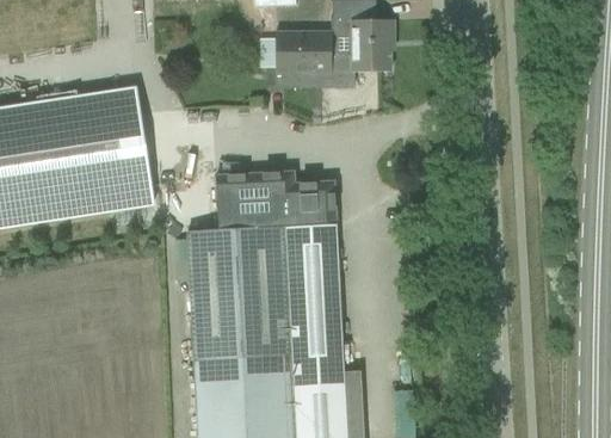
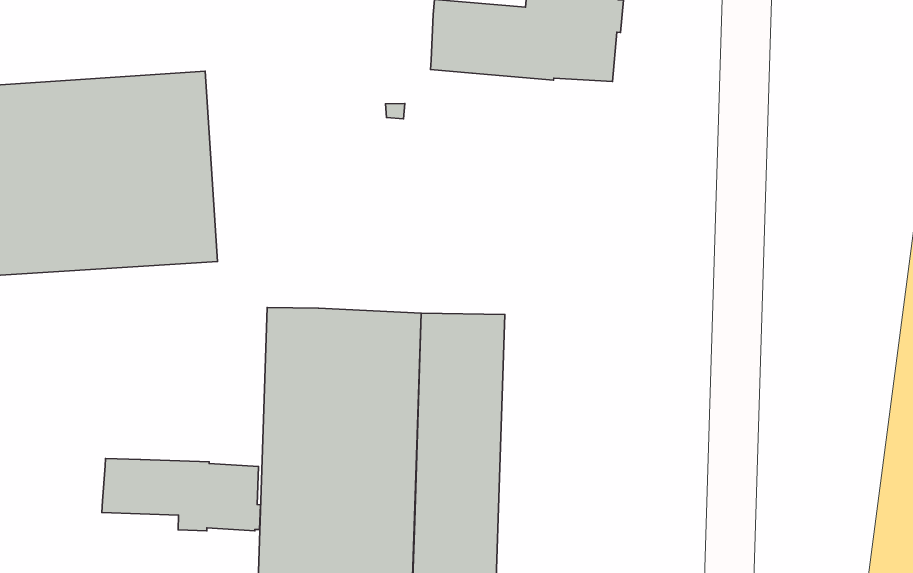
building: [216,173,335,228] -> none
building: none -> [102,458,260,531]

